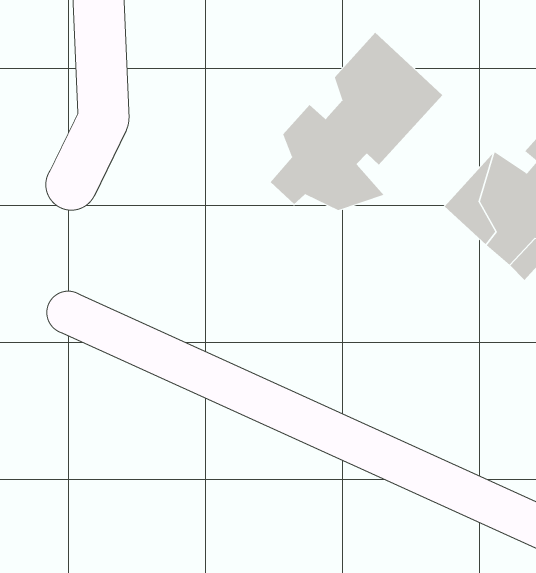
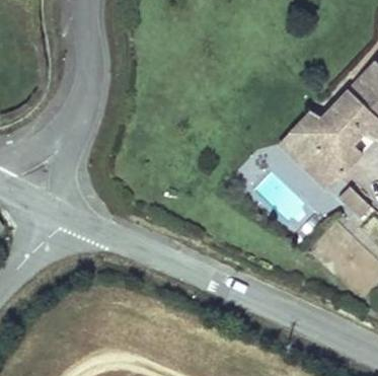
building: [270,32,443,211] -> none

